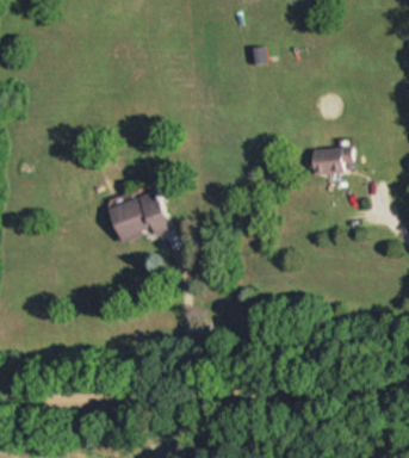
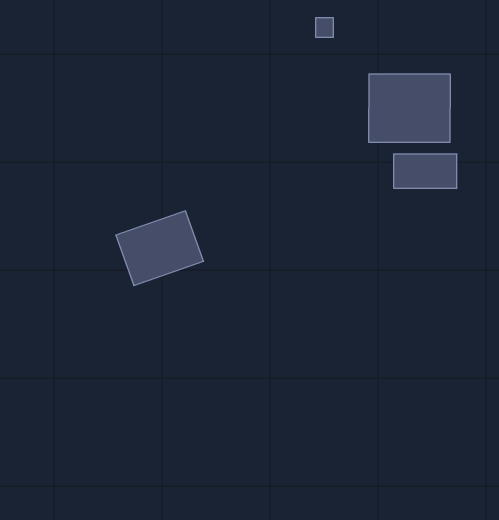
building: none -> [369,74,450,142]

